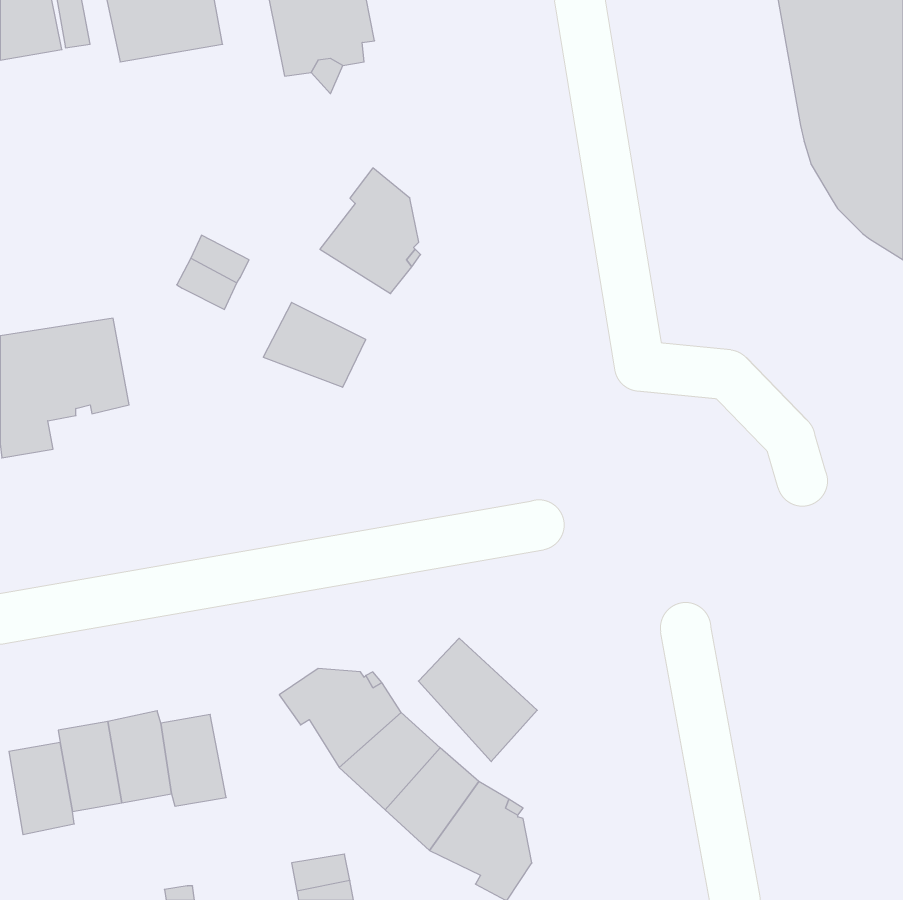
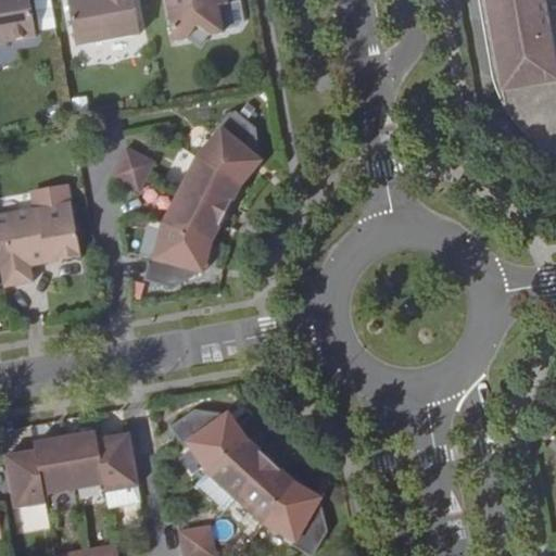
building: none -> [179,153,240,208]
building: none -> [142,219,211,282]
building: [418,638,537,762] -> none

